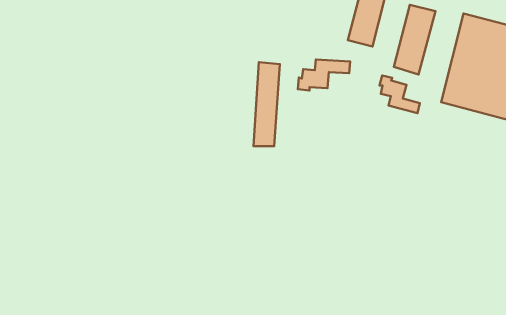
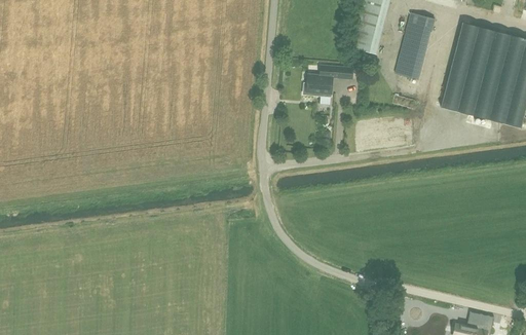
building: [254,62,280,146] -> none
building: [380,76,420,113] -> none

